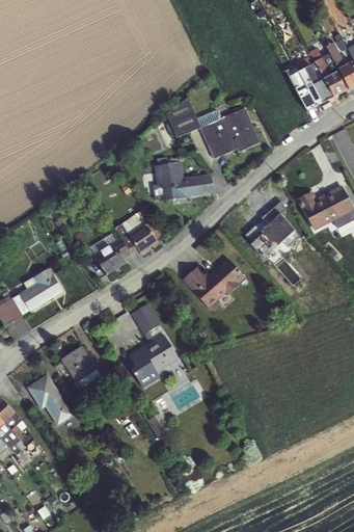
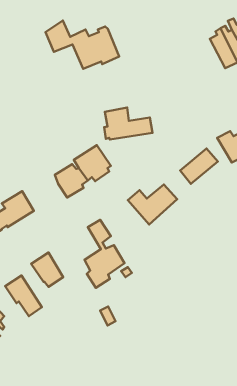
building: [166,98,260,159] -> [46,21,119,69]

